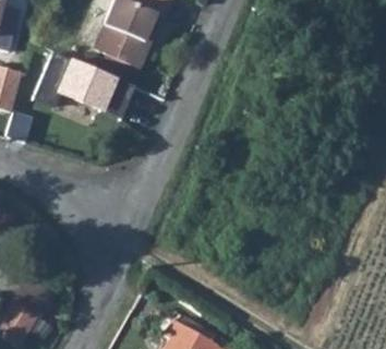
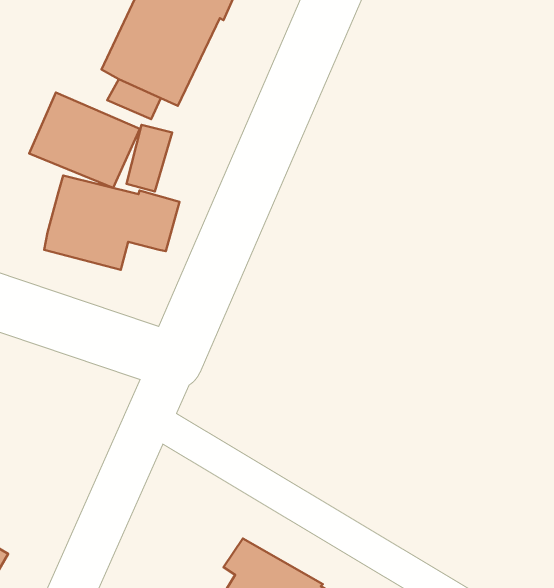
building: none -> [44,175,180,270]

